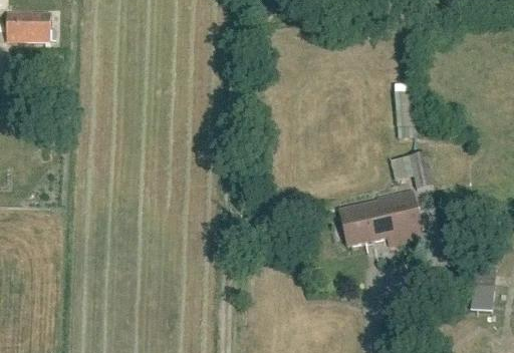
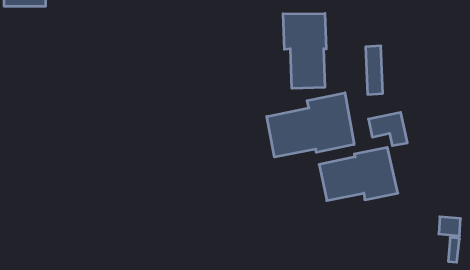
building: none -> [283,13,326,88]
building: none -> [267,93,354,157]

